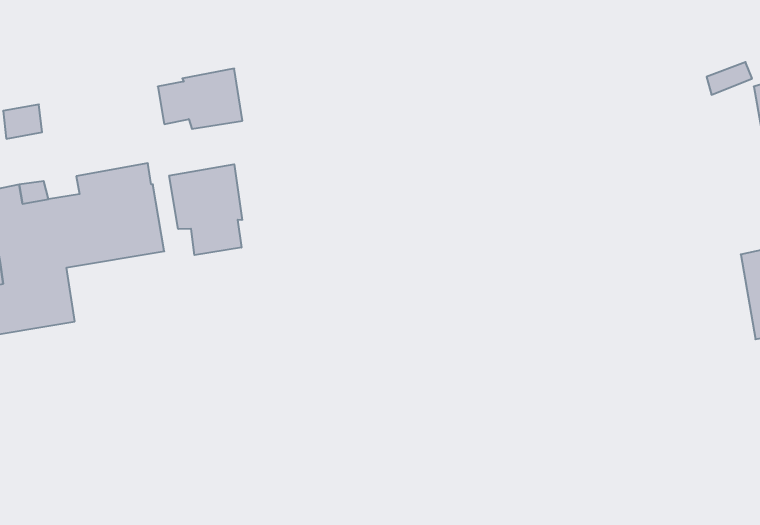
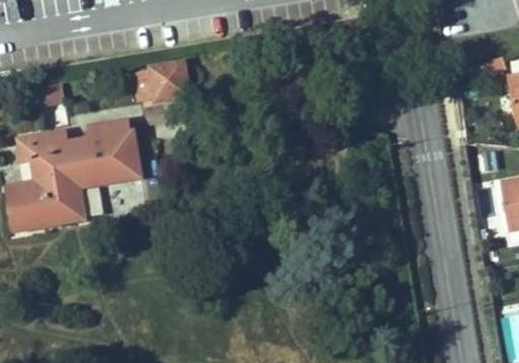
building: [169,164,242,255] -> none

